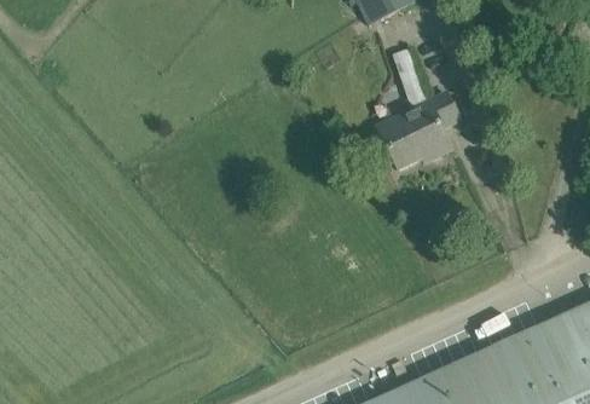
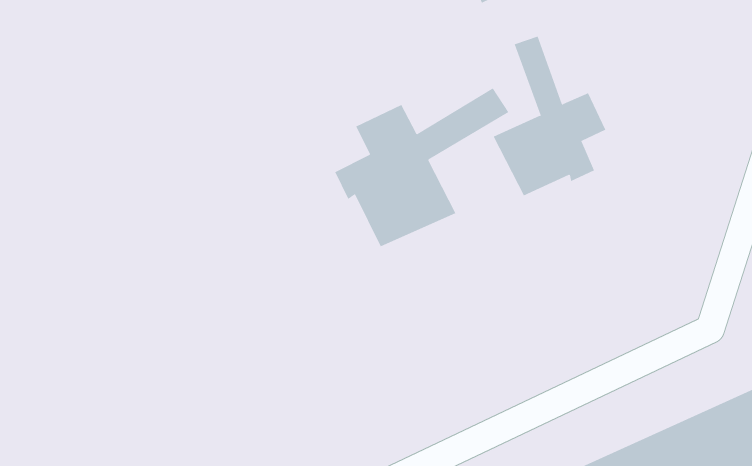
building: none -> [334,87,509,247]

